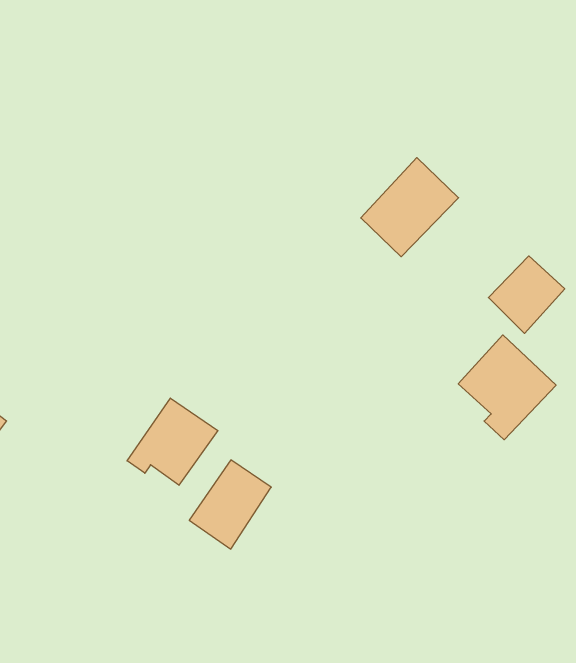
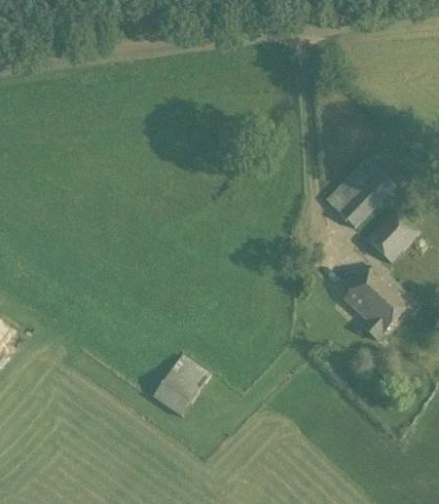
building: [361,158,459,257] -> [324,157,394,228]
building: [127,398,218,485] -> none

